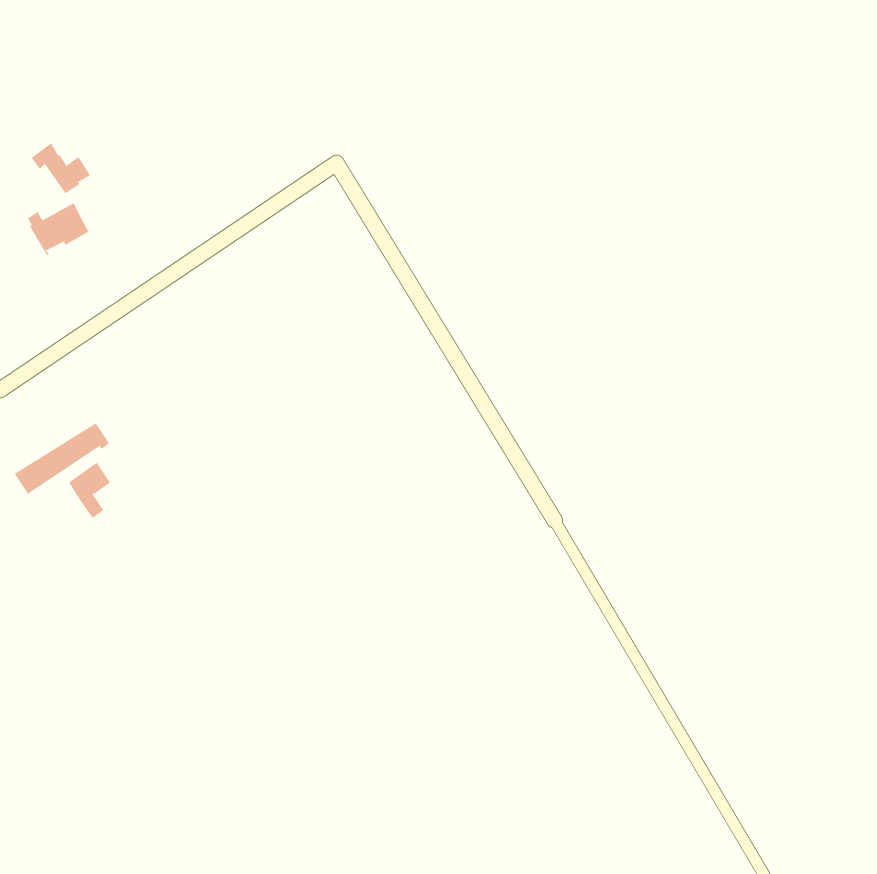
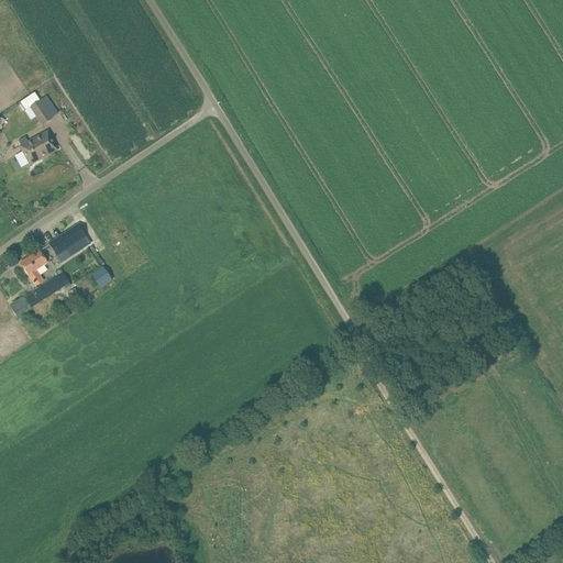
building: none -> [48,223,86,256]
building: [68,462,111,519] -> [20,249,47,285]

